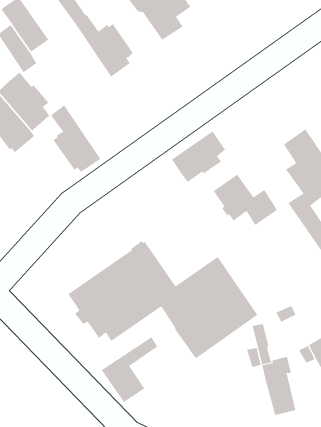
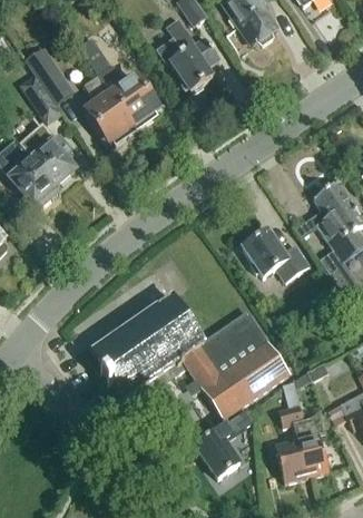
building: [50,105,101,173] -> [85,72,137,143]
building: [171,130,226,183] -> none
building: [101,337,158,403] -> [194,409,253,477]
building: none -> [273,439,305,481]

